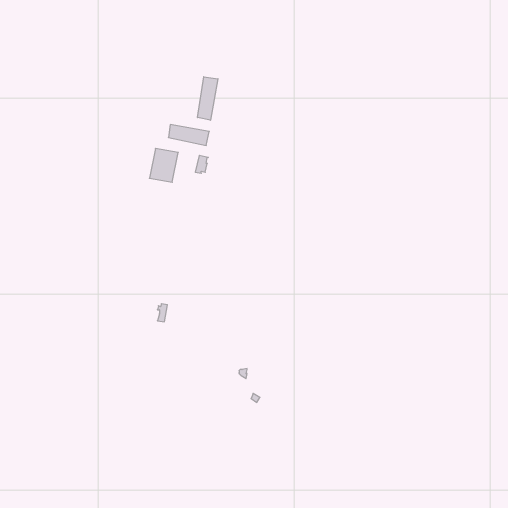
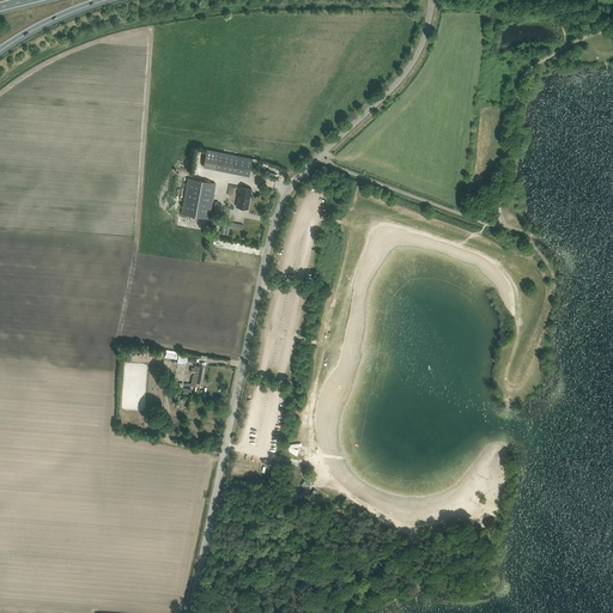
building: [198,77,218,120] -> none

